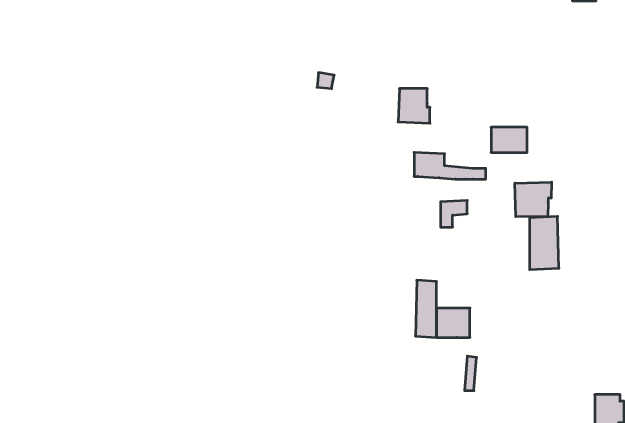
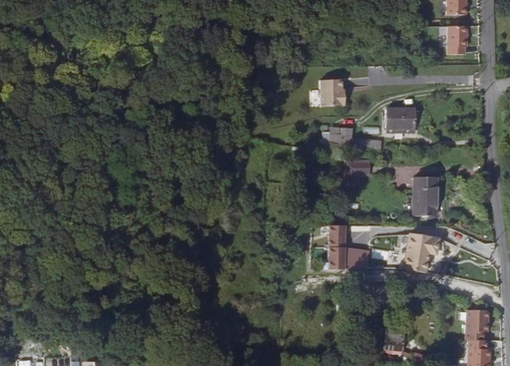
building: none -> [449,24,469,49]
building: [515,182,552,217] -> none
building: none -> [405,233,445,274]

